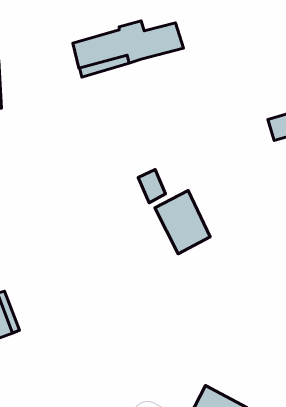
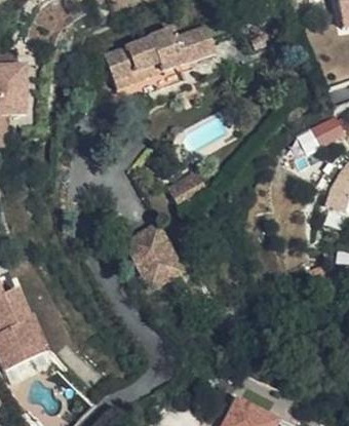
building: [155,191,210,254] -> [126,225,183,289]

